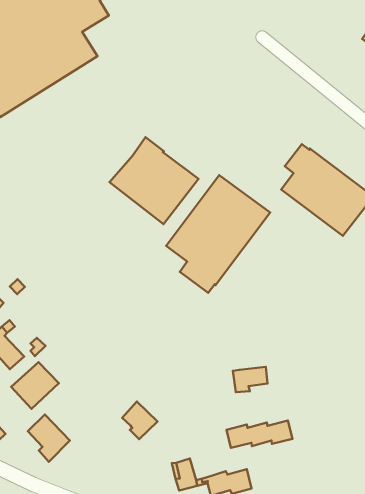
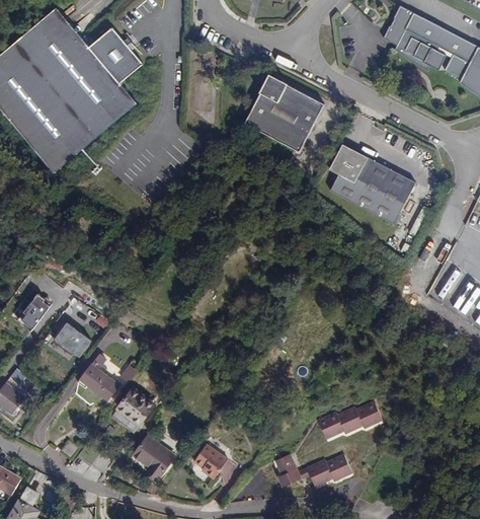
building: [110,137,198,224] -> [242,73,324,151]
building: [166,175,270,293] -> none
building: [233,367,267,392] -> none
building: [122,402,157,439] -> [193,445,227,479]

